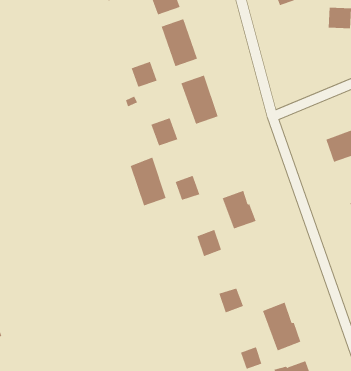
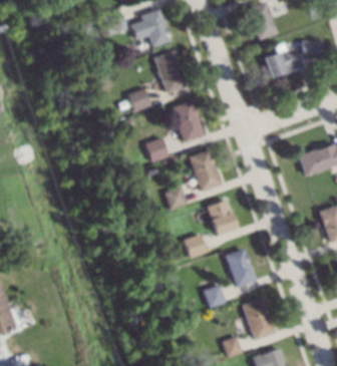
building: none -> [262,46,298,77]
building: [130,157,166,206] -> [189,148,221,192]
building: none -> [225,248,256,287]

